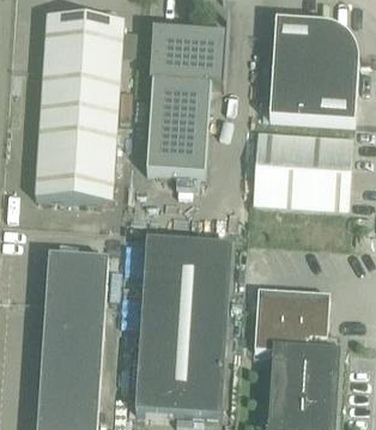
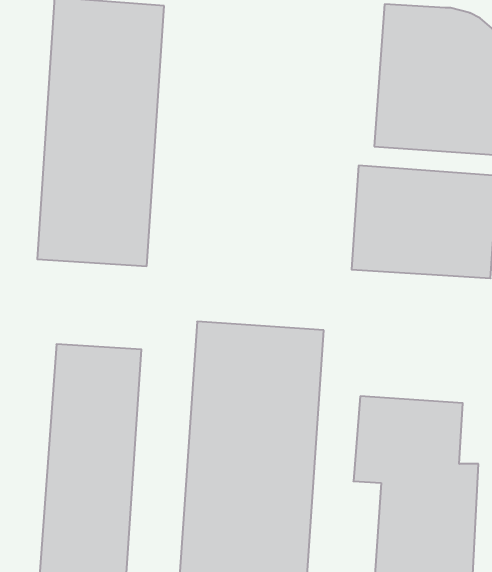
building: [147,28,228,172] -> none

